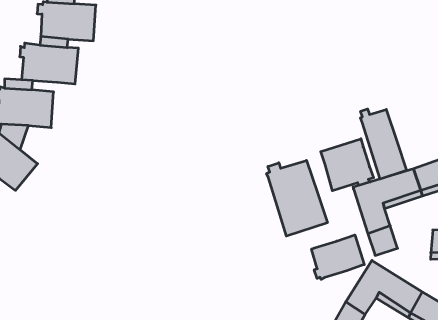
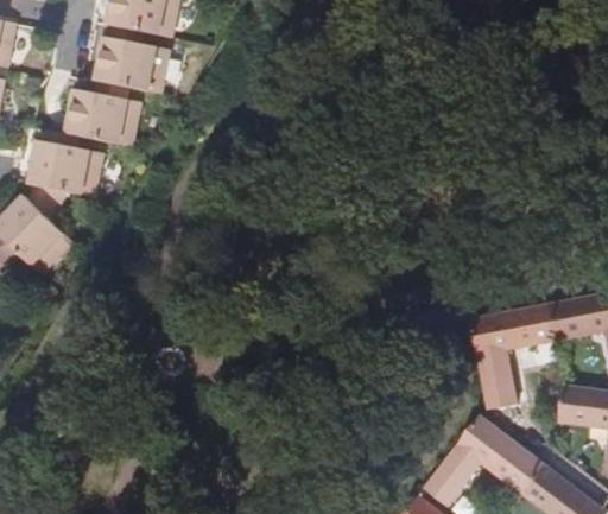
building: [360,109,406,179] -> none
building: [321,139,374,191] -> none
building: [267,160,327,236] -> none
building: [312,235,364,279] -> none

